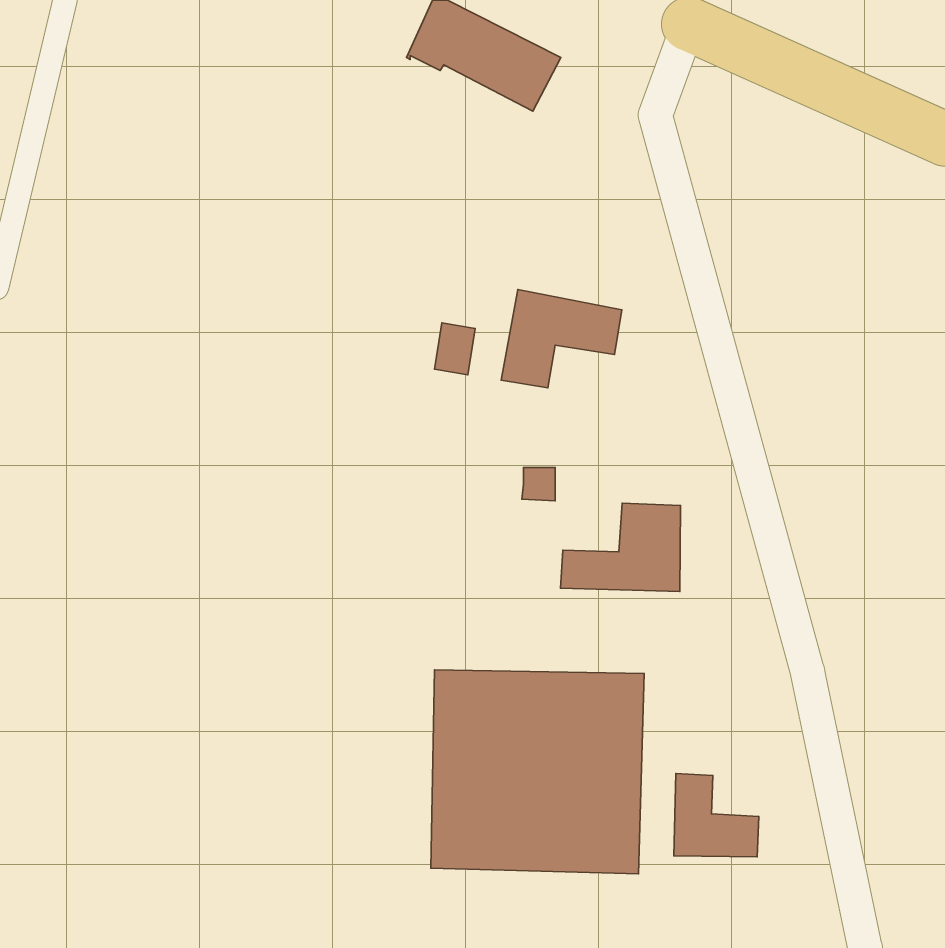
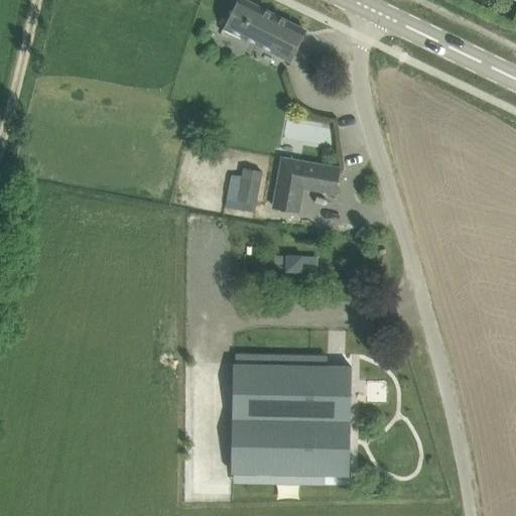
building: [561,503,681,591] -> none
building: [674,774,759,857] -> none

